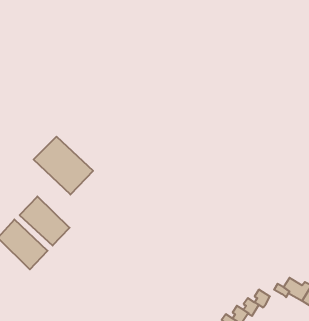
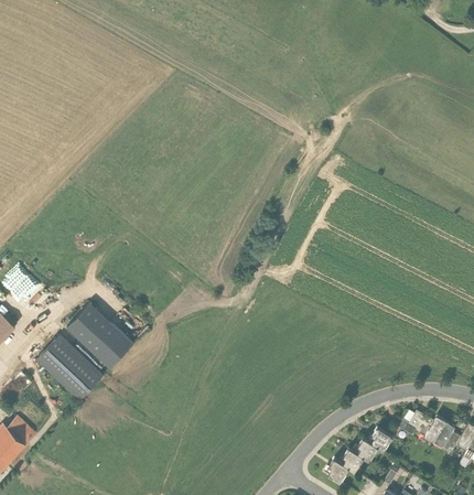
building: [34,137,93,195] -> none

